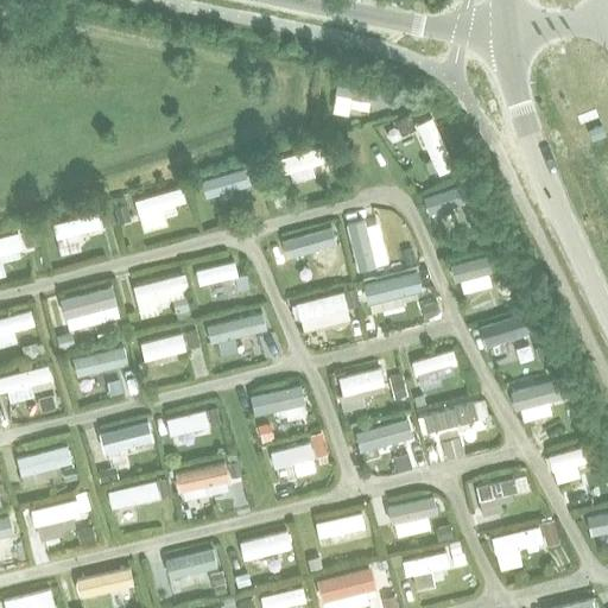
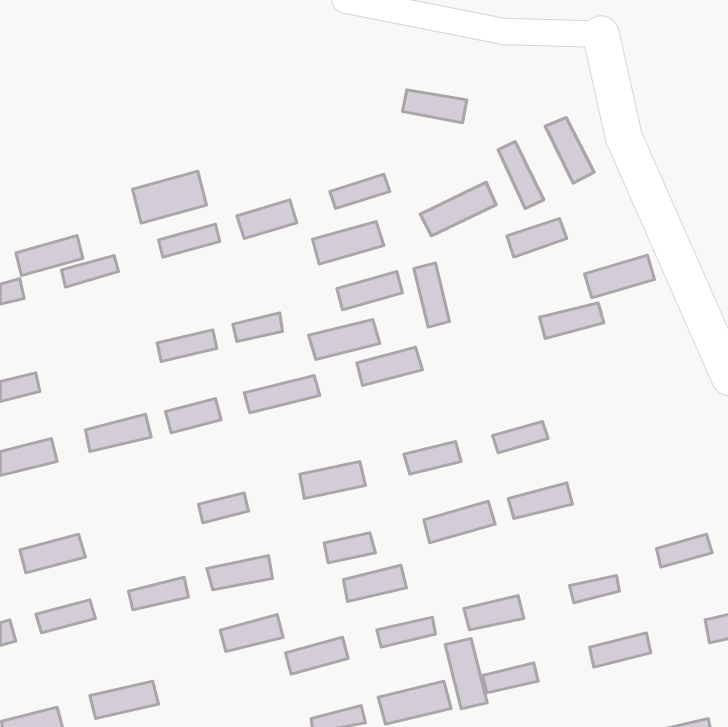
building: none -> [545,117,594,183]
building: none -> [132,171,207,223]
building: none -> [420,182,496,236]
building: none -> [313,222,384,264]
building: [362,272,422,305] -> [309,319,380,359]
building: [59,287,115,321] -> [16,236,83,276]
building: [480,314,538,349] -> [585,255,655,298]
building: [512,380,565,412] -> none
building: [99,423,152,456] -> none
building: none -> [344,565,406,601]
building: none -> [445,639,487,709]
building: [163,550,215,581] -> [220,615,283,652]

